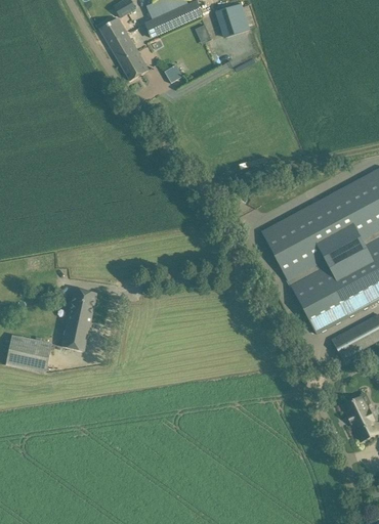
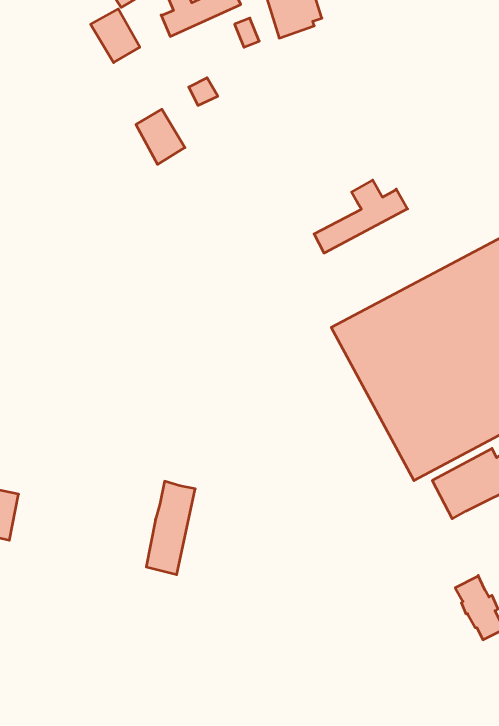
building: [115,43,148,80] -> [136,109,185,164]
building: none -> [314,180,408,253]
building: [62,288,95,350] -> [146,481,195,575]

